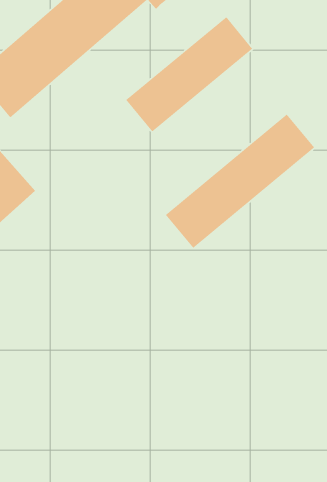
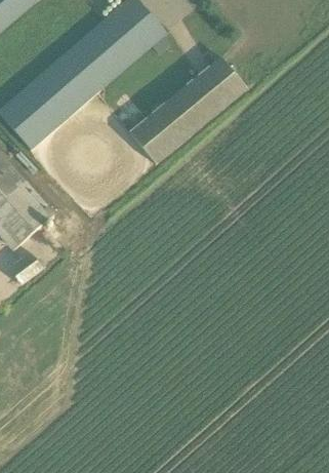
building: [165,114,315,249] -> none

